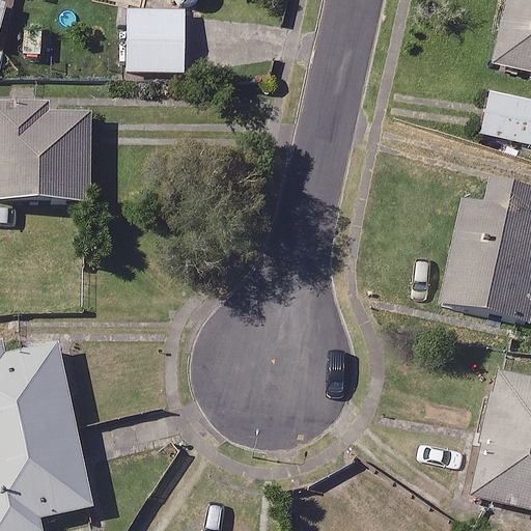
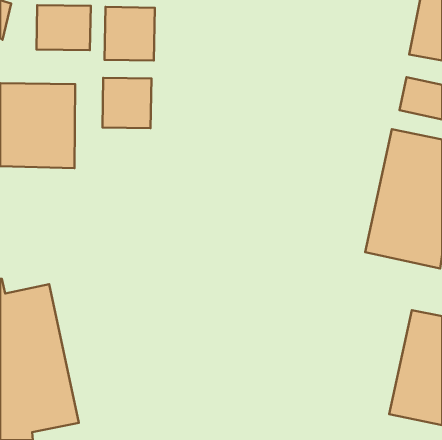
building: none -> [36,5,91,50]
building: none -> [102,78,151,128]

